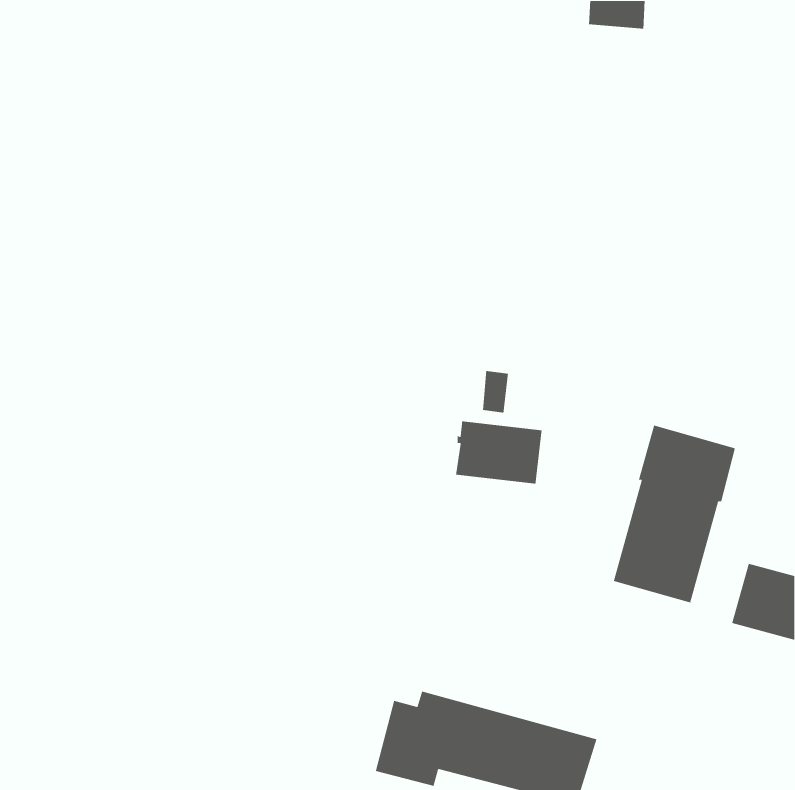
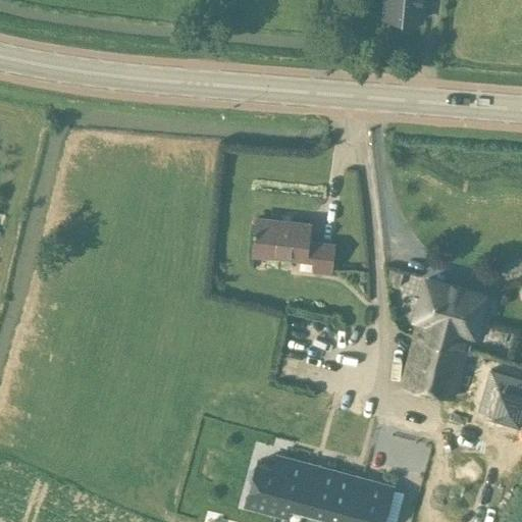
building: [455,421,542,484] -> [253,219,310,261]

